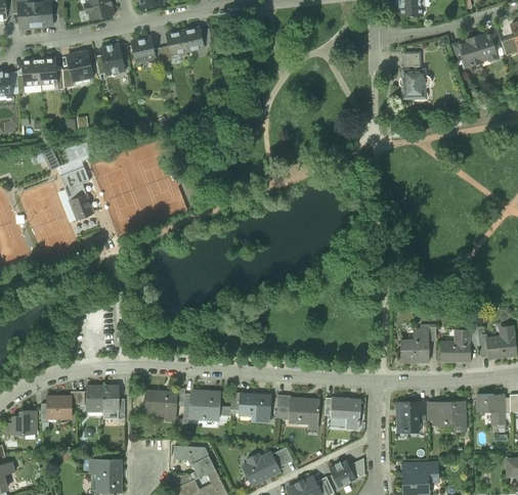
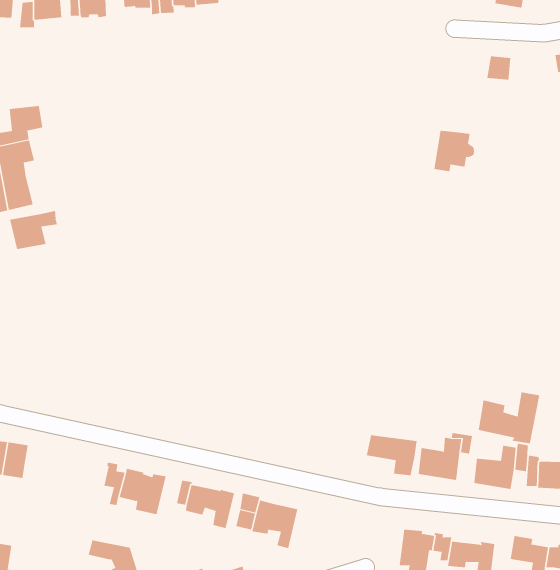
building: [402,69,430,98] -> [433,130,475,172]
building: none -> [9,210,57,250]
building: none -> [478,392,540,444]
building: none -> [366,434,417,476]
building: [145,391,178,419] -> none
building: [331,397,360,430] -> none

